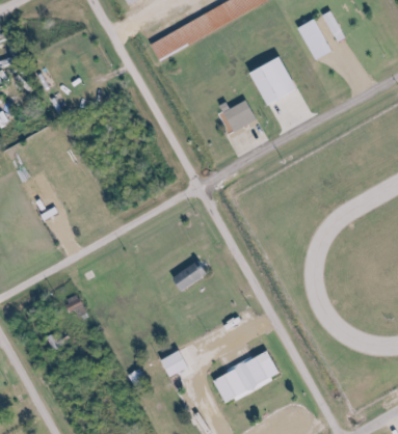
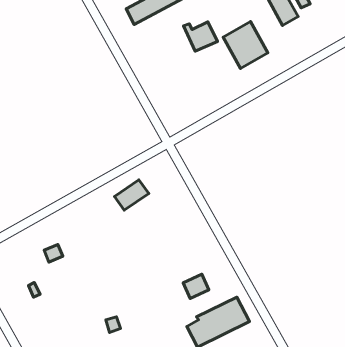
building: [219,100,256,131] -> [183,22,218,51]
building: [171,259,208,291] -> [114,180,149,210]
building: [161,349,188,375] -> [183,274,209,299]

